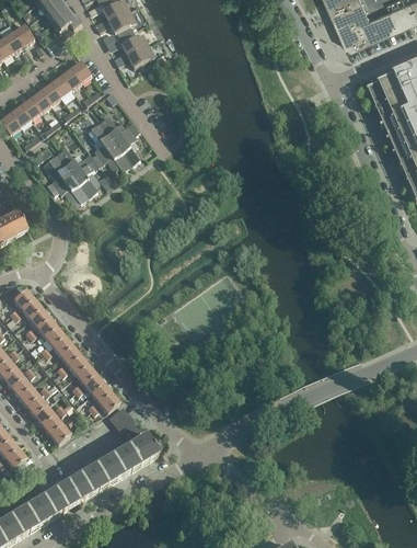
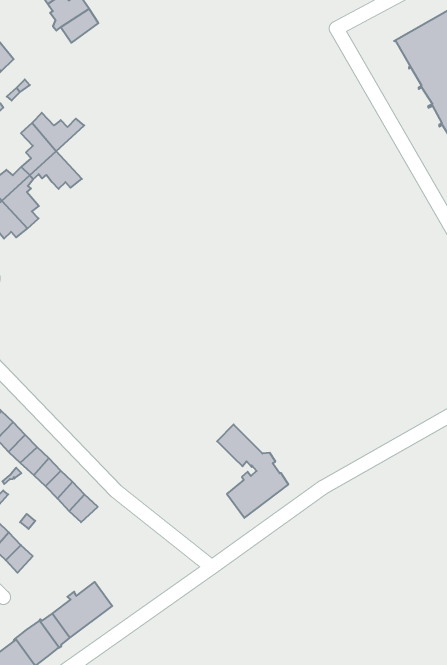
building: [116,127,141,165] -> none
building: [109,407,158,475] -> [217,424,288,518]

